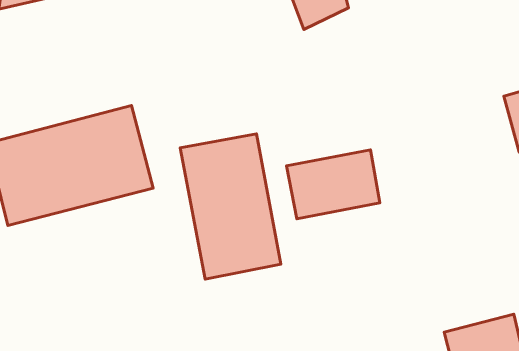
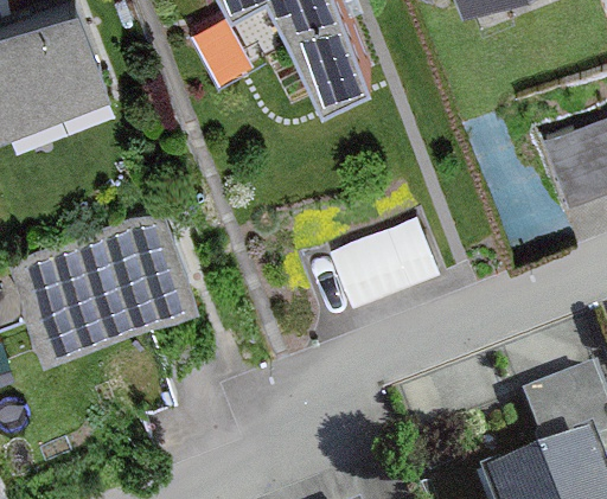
building: [180,134,281,279] -> none

